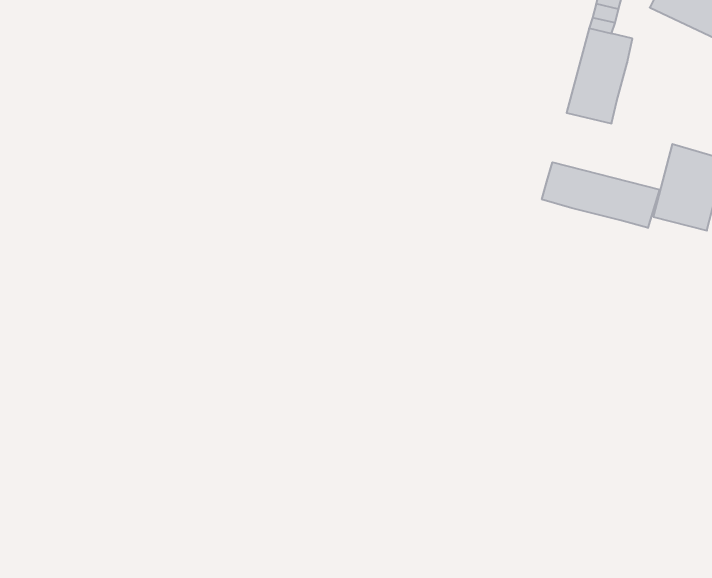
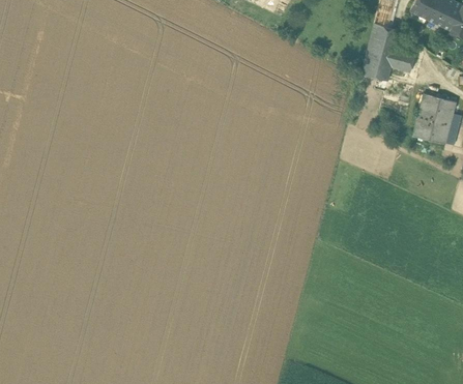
building: none -> [390,43,415,71]
building: [542,162,659,228] -> none

